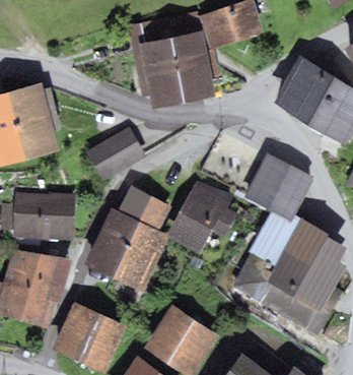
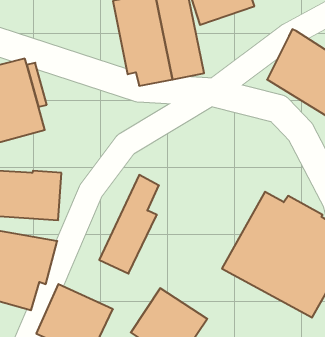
building: [85,126,146,180] -> none
building: [243,151,313,222] -> none
building: [167,181,236,254] -> none
building: [85,185,151,277] -> none

